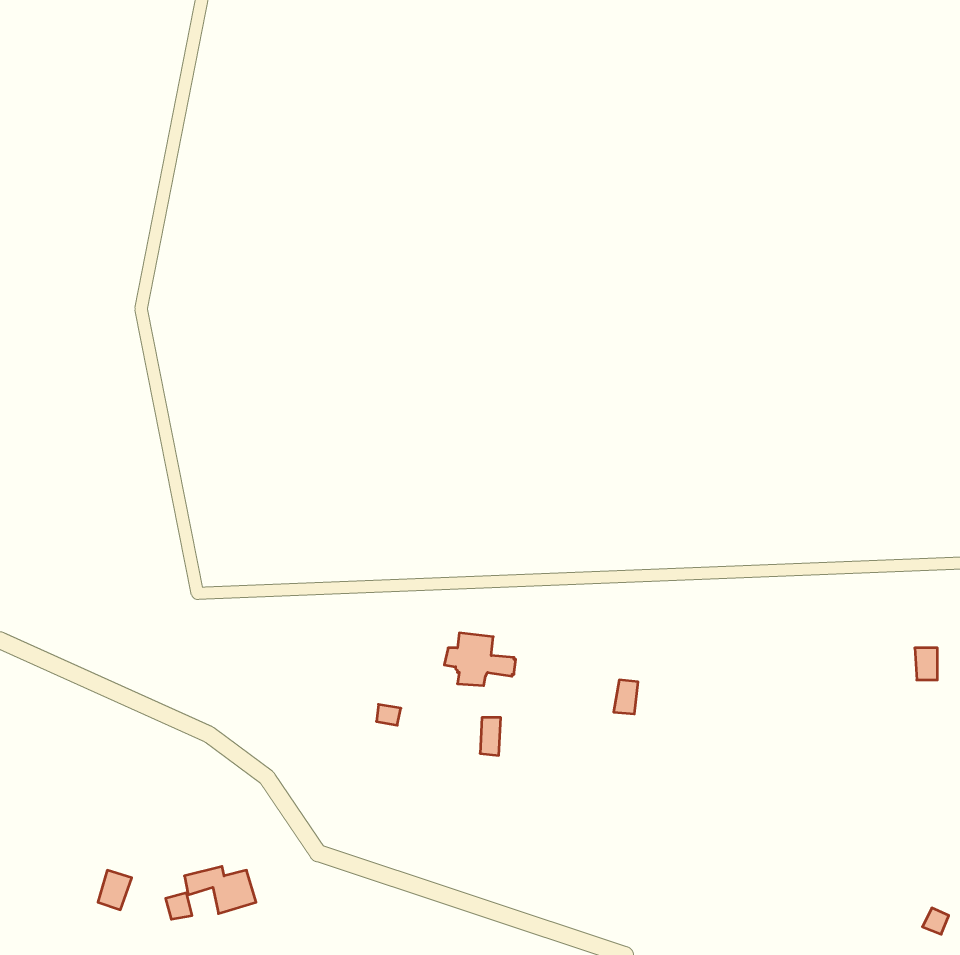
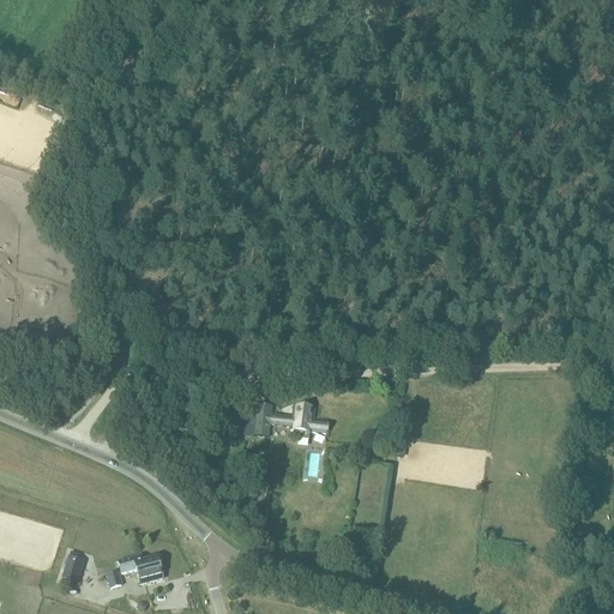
building: none -> [253,401,273,434]

